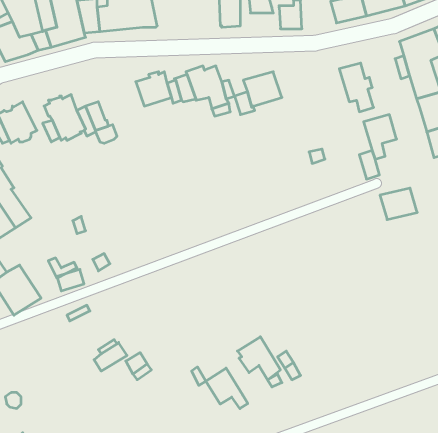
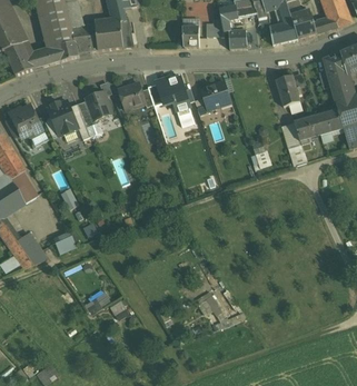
building: none -> [86,90,112,119]
building: [380,188,417,220] -> [315,109,344,133]
building: [206,368,248,409] -> none

